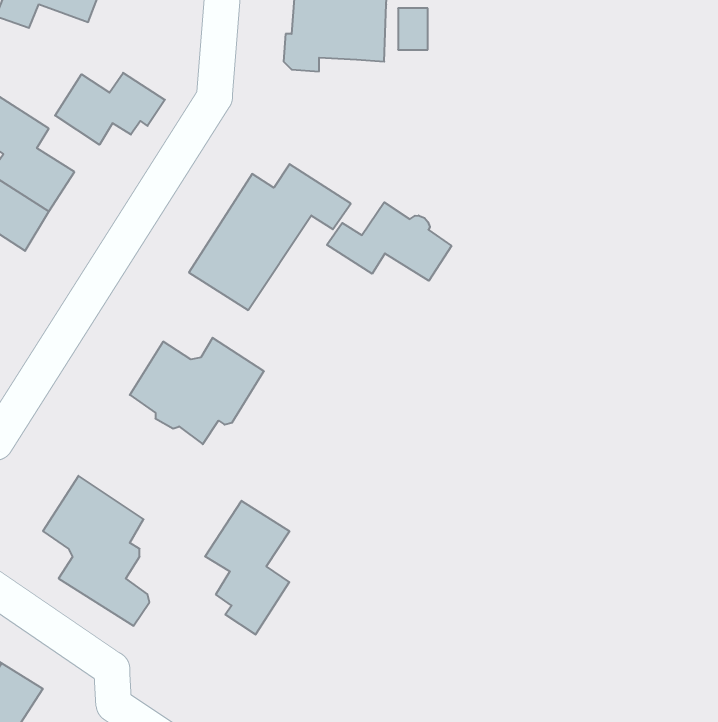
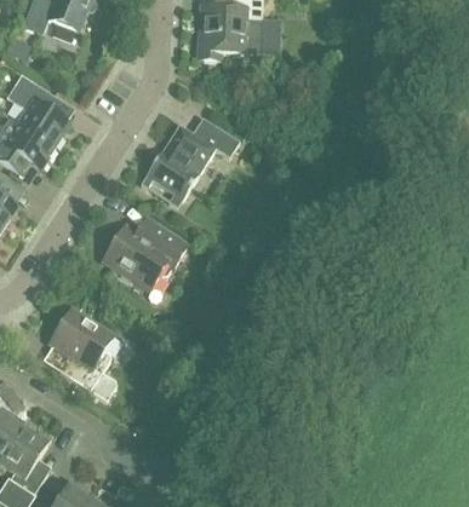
building: [55,73,165,145] -> none
building: [327,202,451,281] -> none
building: [205,501,289,635] -> none

